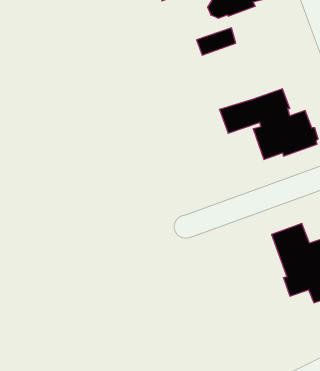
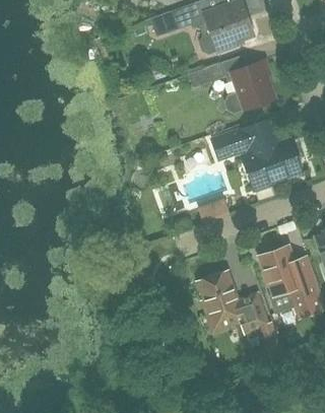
building: none -> [224,58,276,112]
building: none -> [199,270,269,332]

